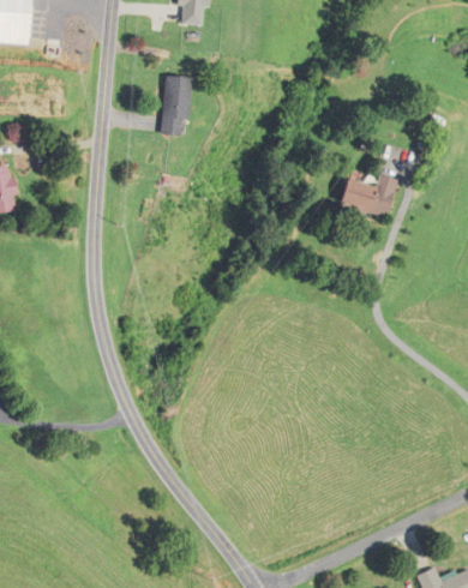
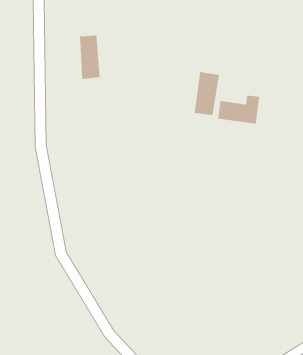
building: none -> [194,71,220,116]

